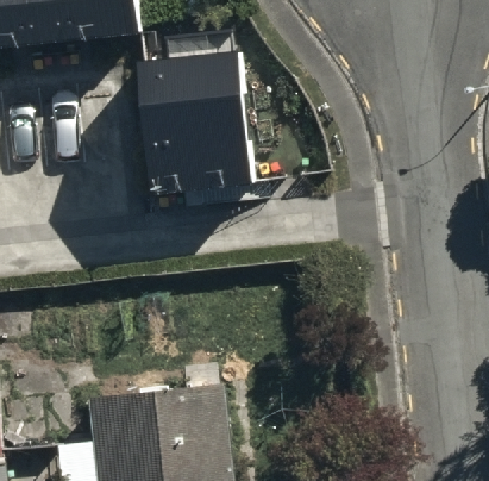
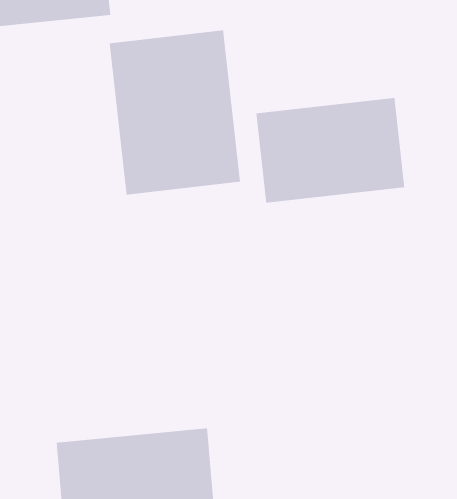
building: none -> [256,97,405,204]

